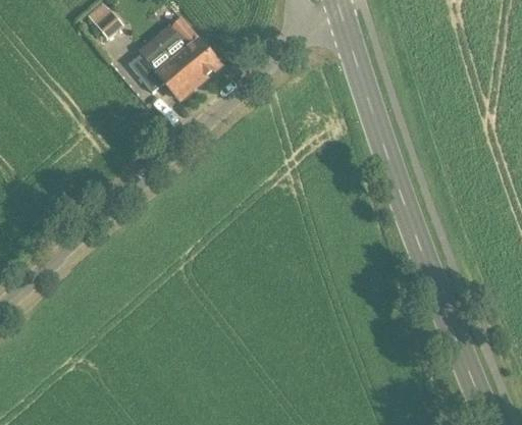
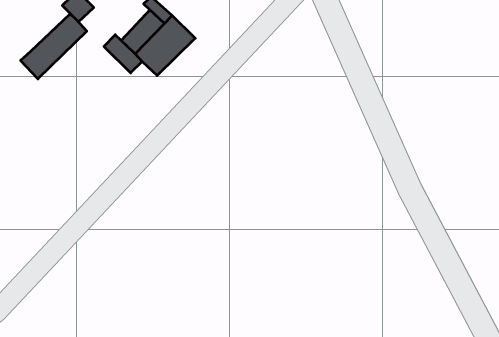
building: none -> [21,14,87,79]

